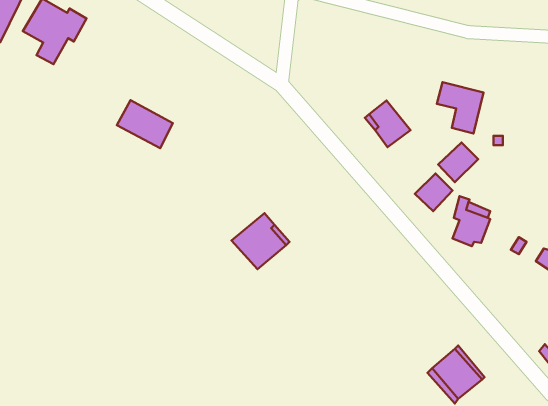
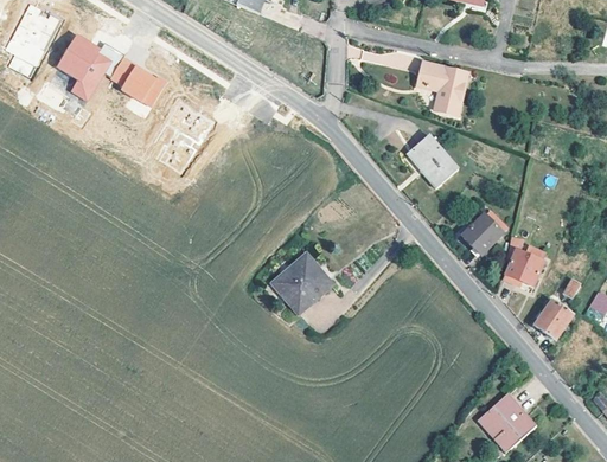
building: [437,82,484,133] -> [417,64,466,117]
building: [117,100,173,148] -> [108,54,166,104]
building: [438,143,478,182] -> none
building: none -> [533,301,571,340]

